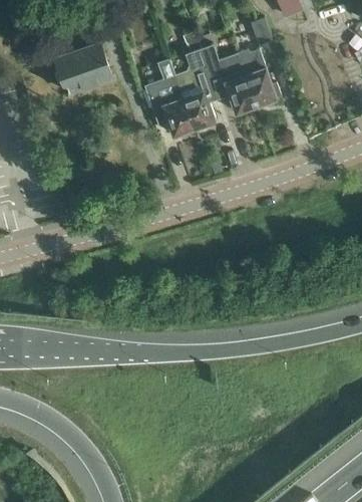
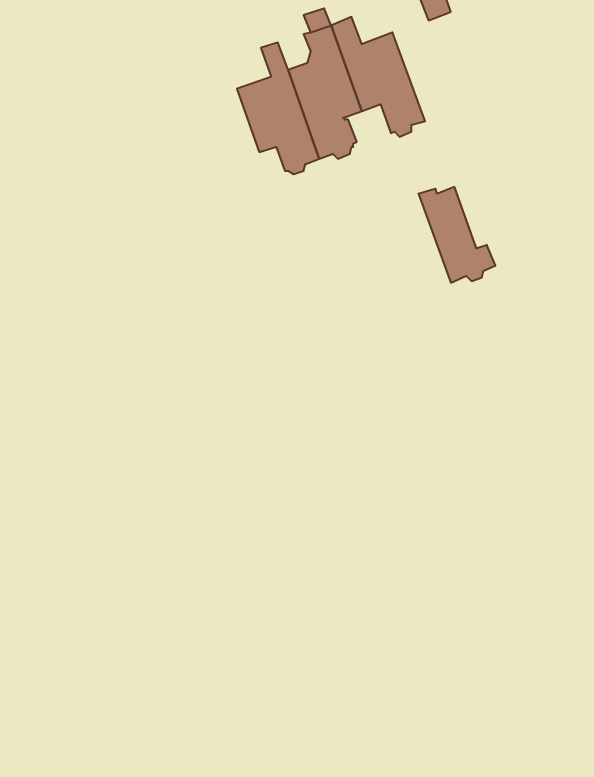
building: [54,42,111,92] -> none
building: [237,49,282,105] -> [418,187,495,283]

